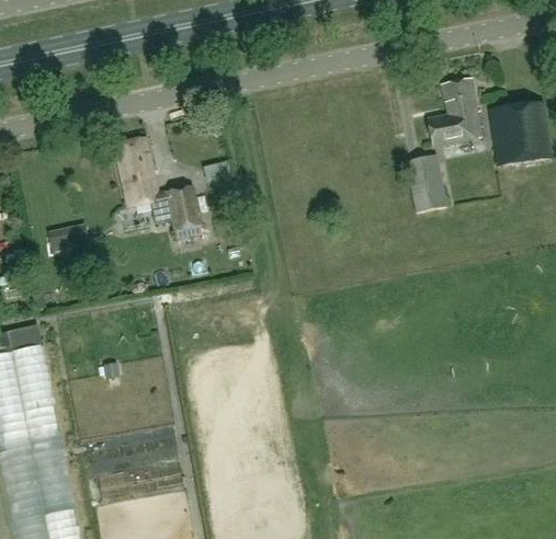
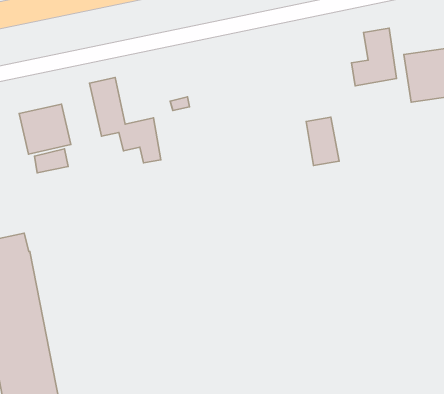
building: [407,156,446,214] -> [306,117,339,166]
building: none -> [19,104,71,154]

